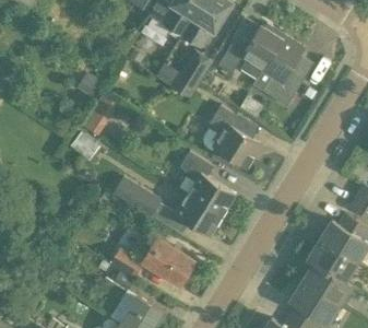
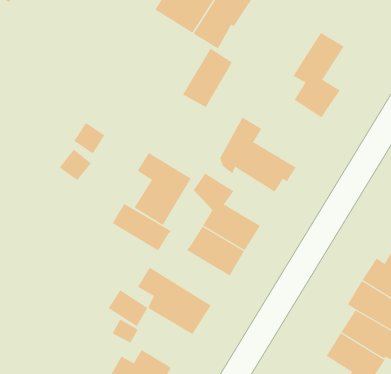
building: [218,25,285,79] -> none
building: none -> [134,152,192,226]

